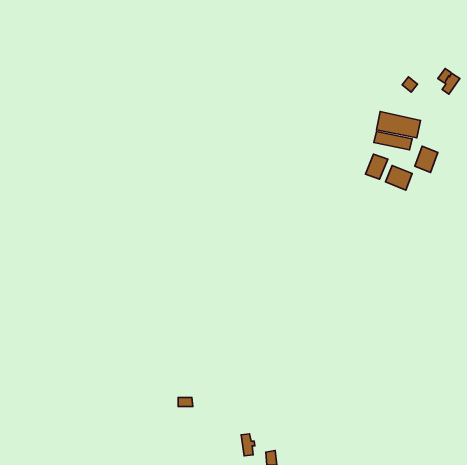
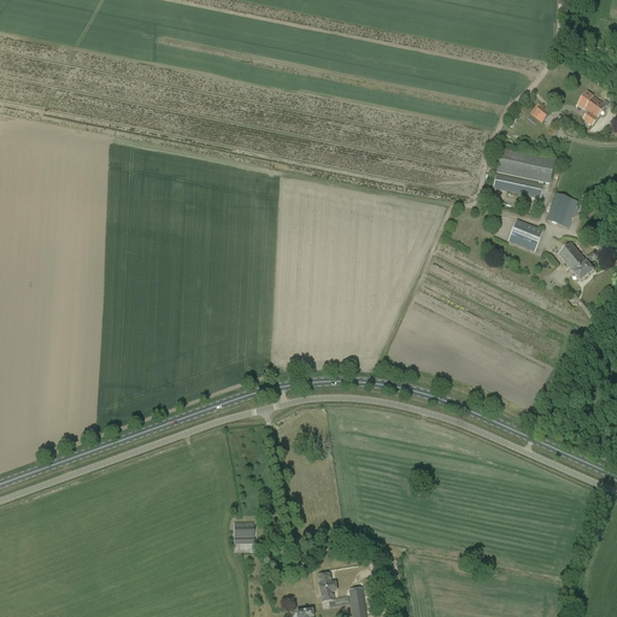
building: [365,154,388,179] -> none
building: none -> [559,242,599,281]

